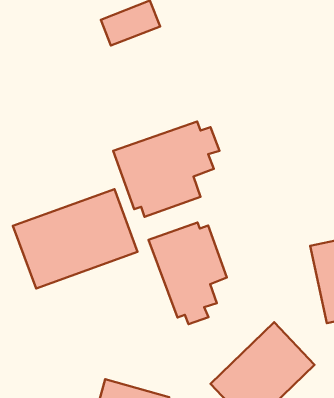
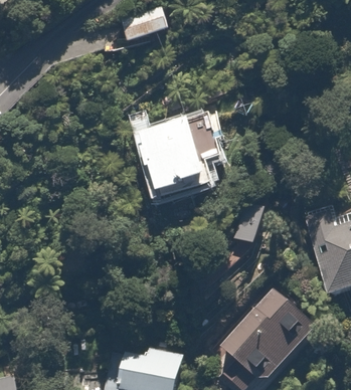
building: [13,189,138,288] -> none
building: [149,222,227,324] -> none

